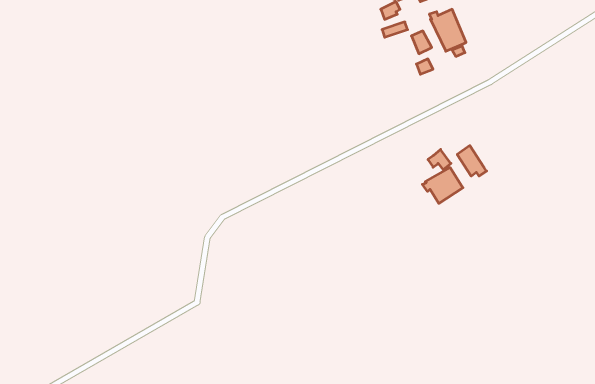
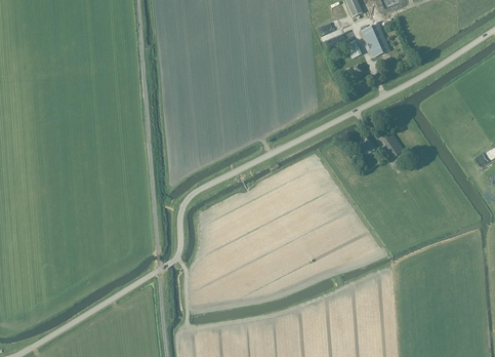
building: [422,168,463,203] -> none

